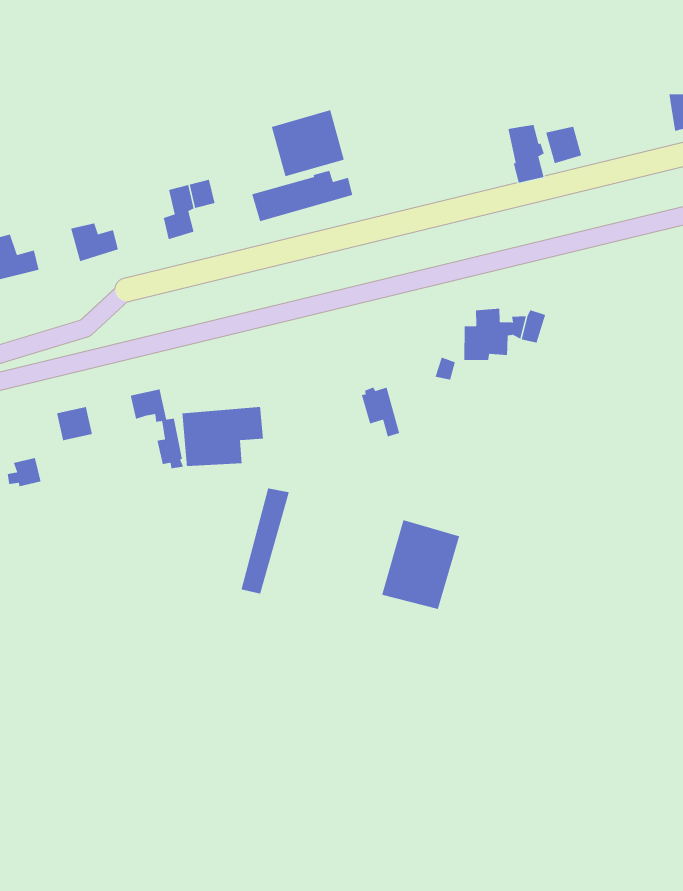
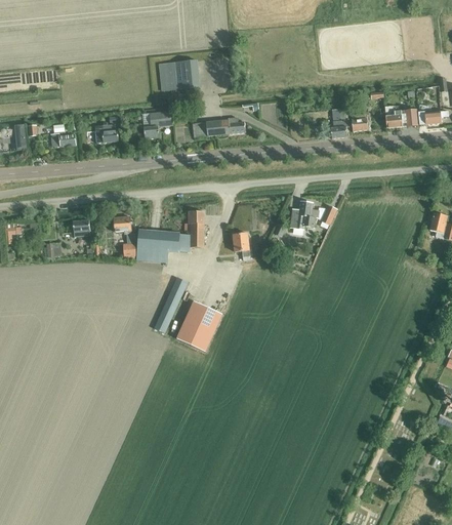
building: none -> [384,109,418,127]
building: [271,109,345,177] -> [164,59,200,91]
building: none -> [179,212,205,252]
building: [381,519,460,610] -> [177,300,223,351]

